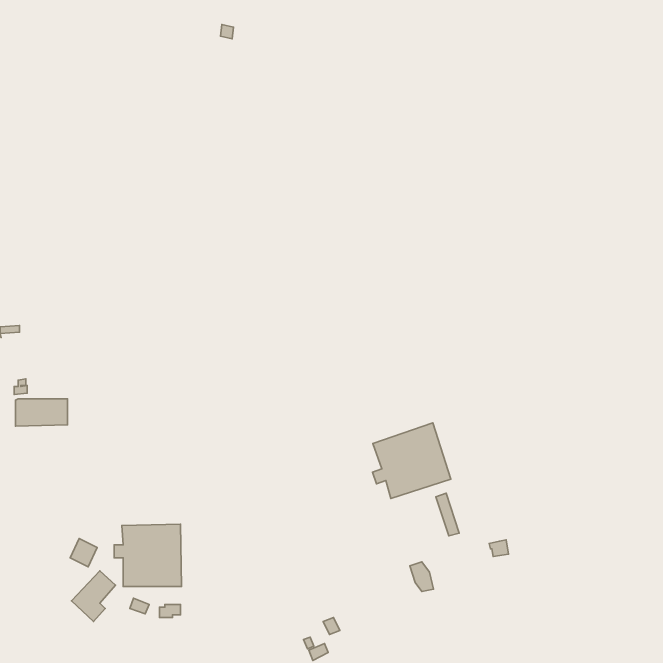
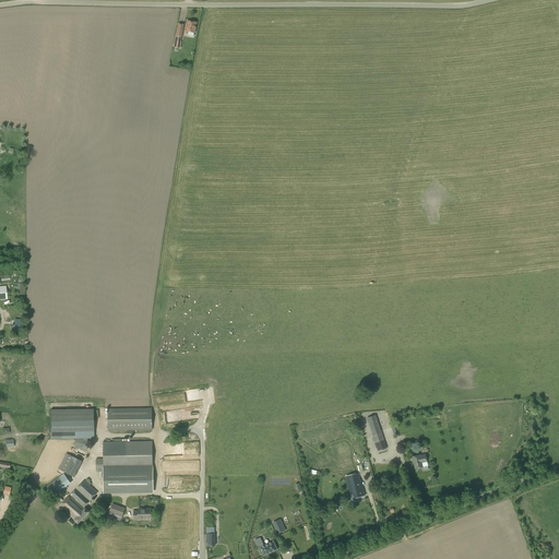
building: [15,399,67,426] -> [50,409,94,432]
building: [373,423,451,498] -> none
building: none -> [108,407,152,430]

